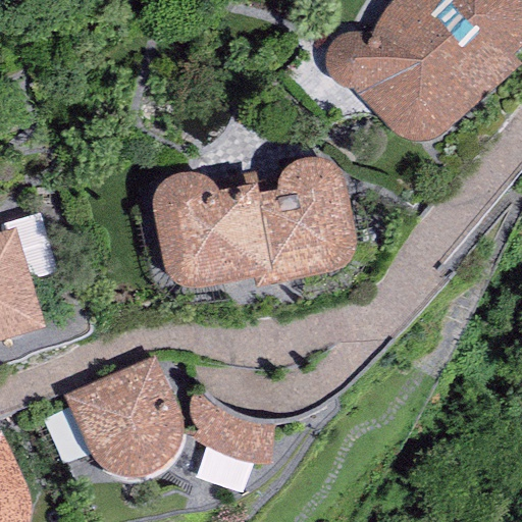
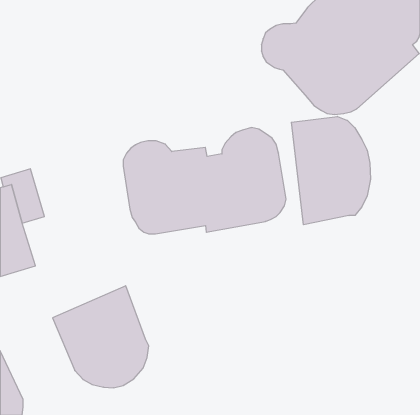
building: none -> [291,116,370,225]
building: [190,381,273,461] -> none

